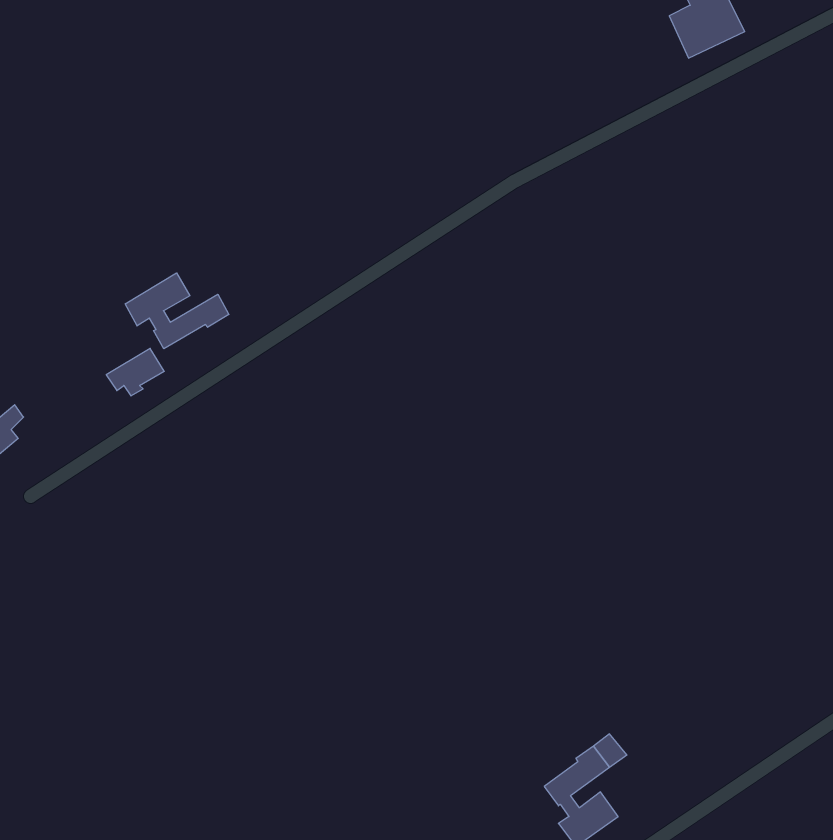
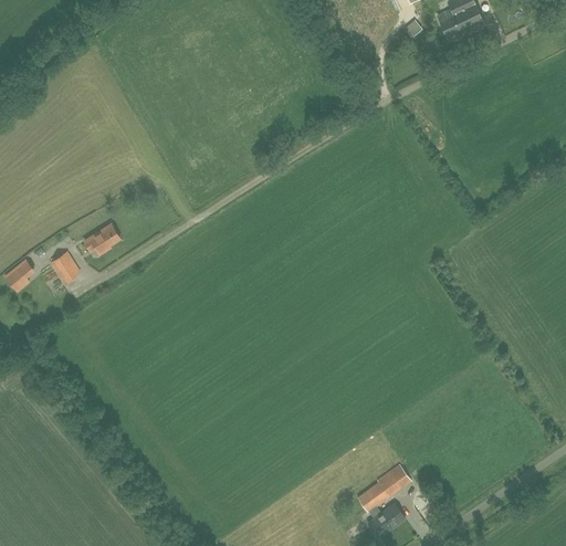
building: [125,273,229,349] -> none
building: none -> [51,251,80,282]

